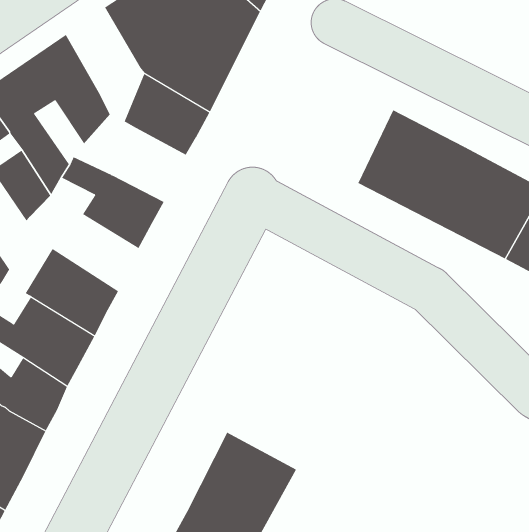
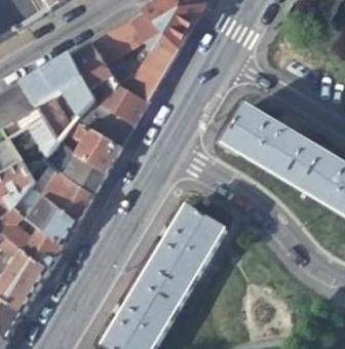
building: none -> [70,39,109,85]
building: none -> [90,106,131,147]
building: none -> [39,144,103,194]
building: none -> [145,203,225,297]

